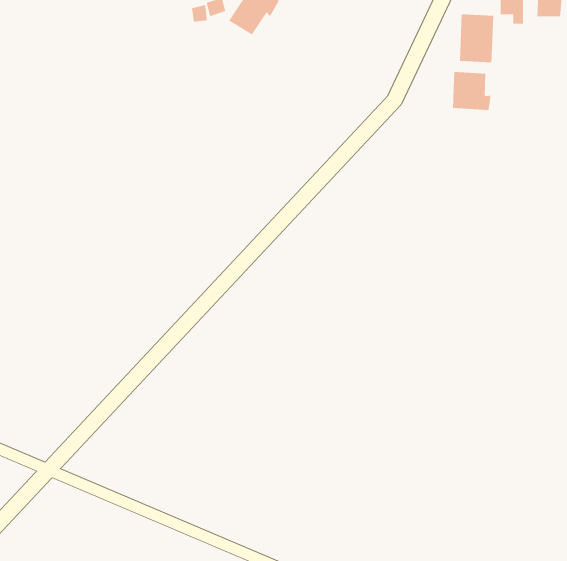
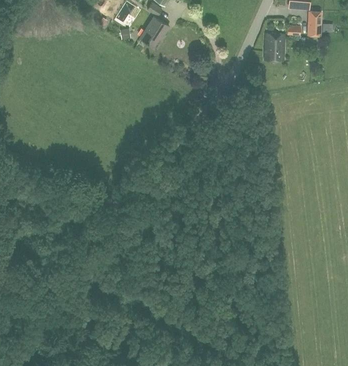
building: [452,71,491,111] -> none

